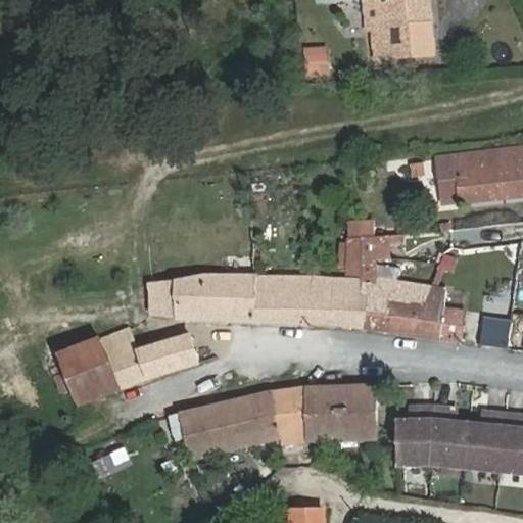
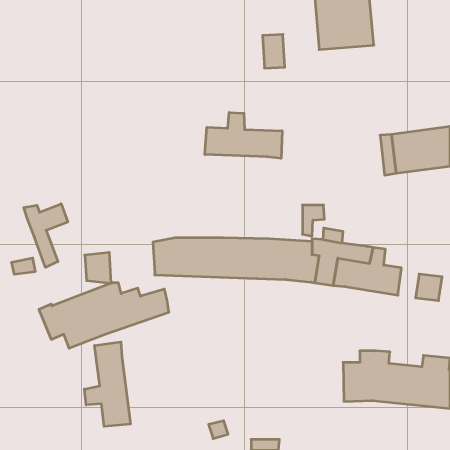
building: none -> [205,112,282,158]
building: none -> [24,204,68,267]
building: [148,280,179,316] -> [85,252,111,283]
building: [169,384,376,459] -> none
building: none -> [84,342,130,426]

